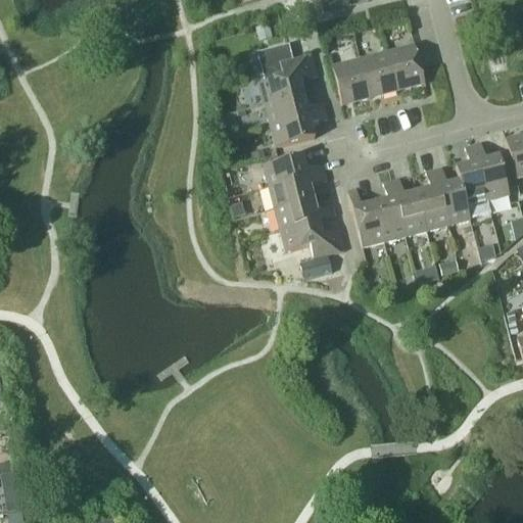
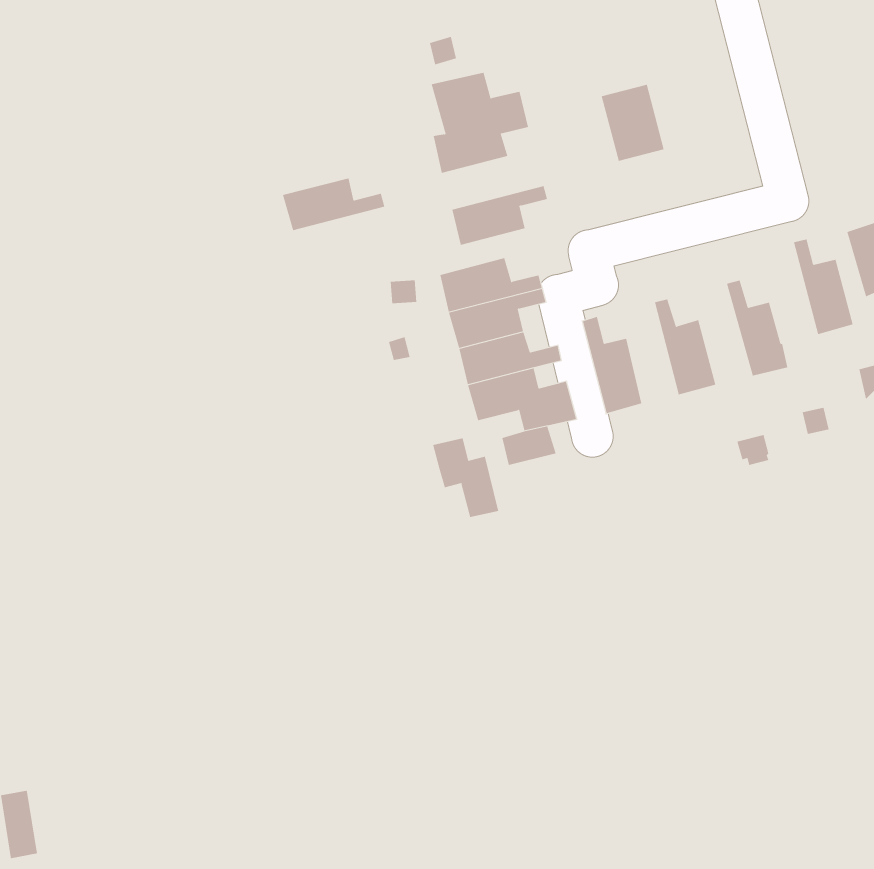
building: [387,43,425,89] -> none
building: [332,57,370,103] -> none
building: [265,93,326,125] -> [282,178,385,231]
building: [456,144,488,204] -> none
building: [418,169,449,229] -> none
building: [375,180,406,240] -> none
building: none -> [432,437,499,518]

